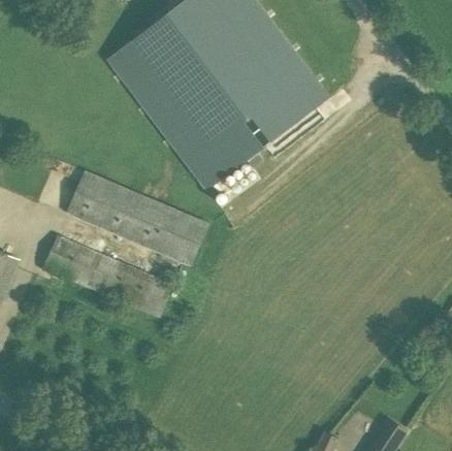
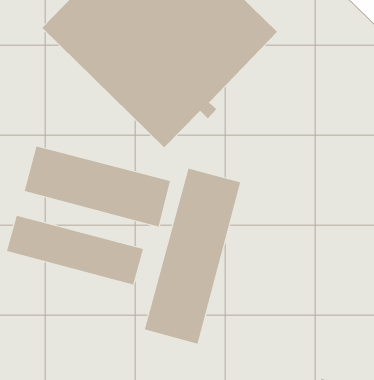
building: none -> [144,168,241,345]

